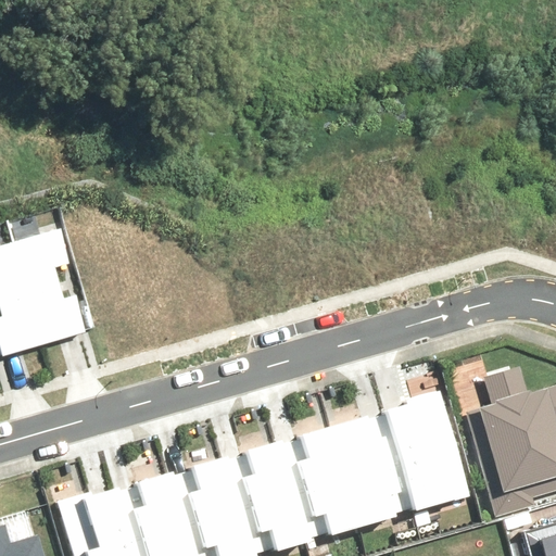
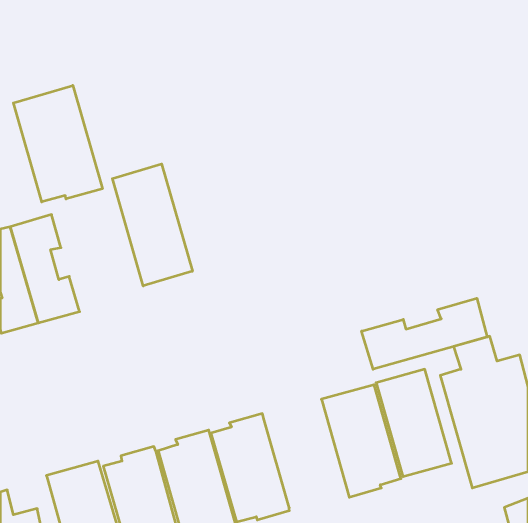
building: none -> [13,85,102,202]
building: none -> [112,164,192,286]
building: none -> [362,298,487,369]
building: [280,425,363,539] -> none

